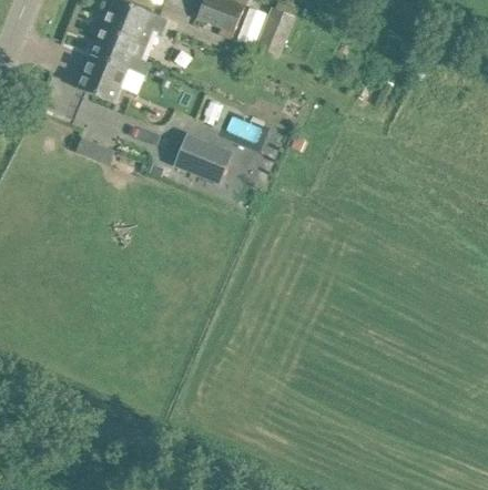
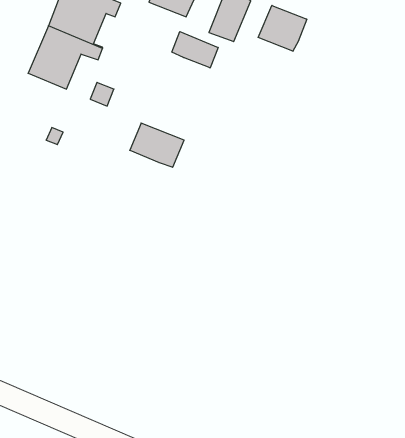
building: none -> [258,5,307,51]
building: none -> [172,32,218,68]

